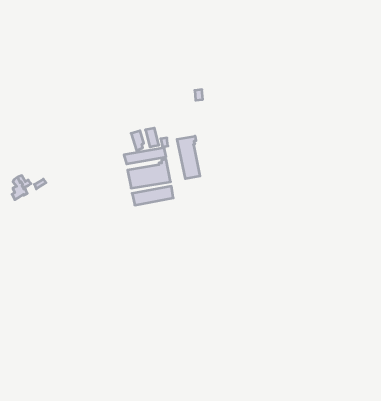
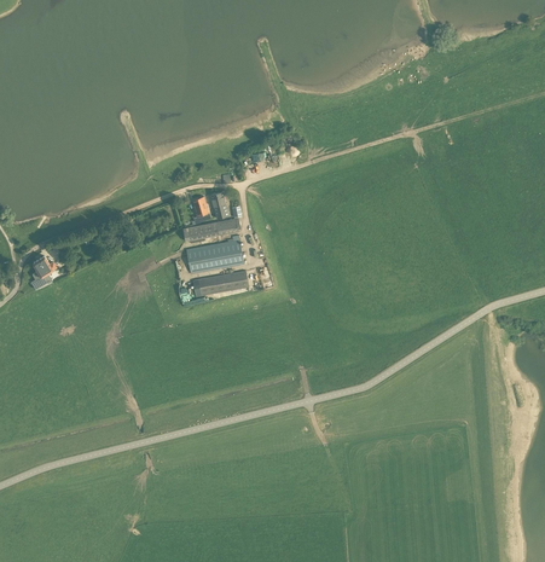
building: [177,136,200,179] -> none

